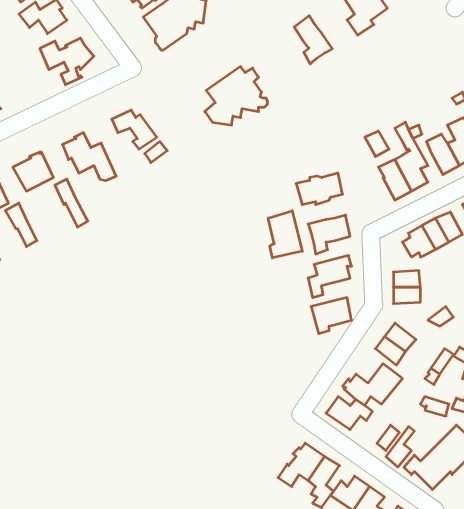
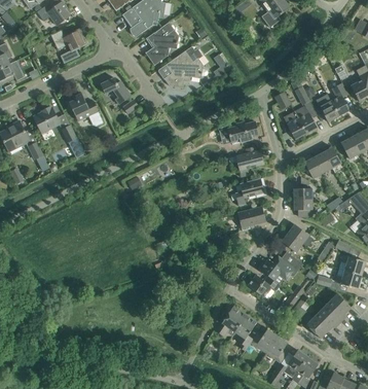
building: [294,16,332,64] -> none
building: none -> [145,21,179,65]
building: [268,211,302,258] -> none

